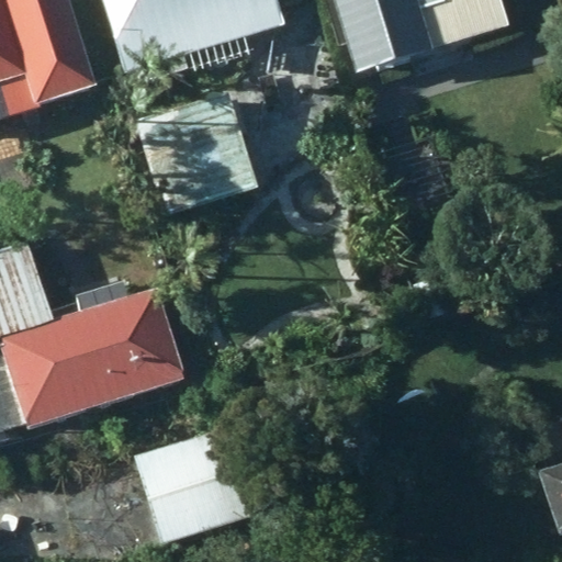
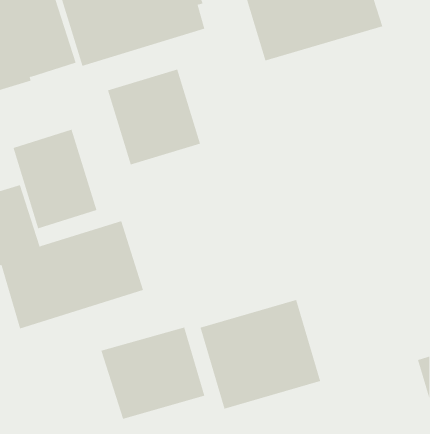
building: none -> [13,129,97,229]
building: none -> [200,299,321,410]

